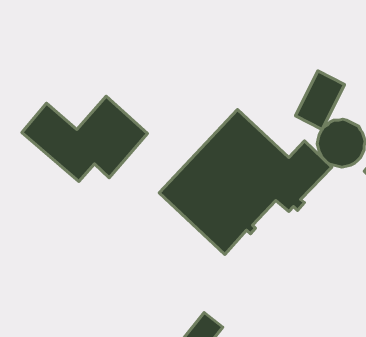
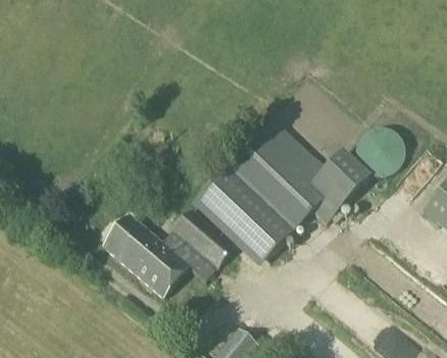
building: [295,71,345,129] -> none
building: [22,96,148,182] -> [103,206,234,295]

